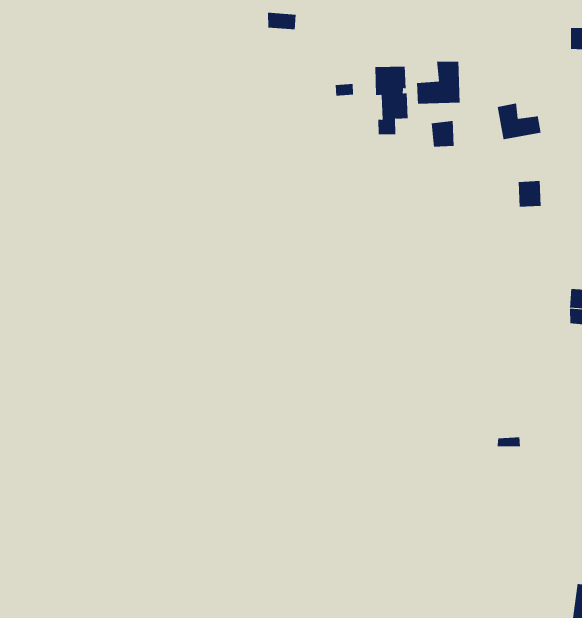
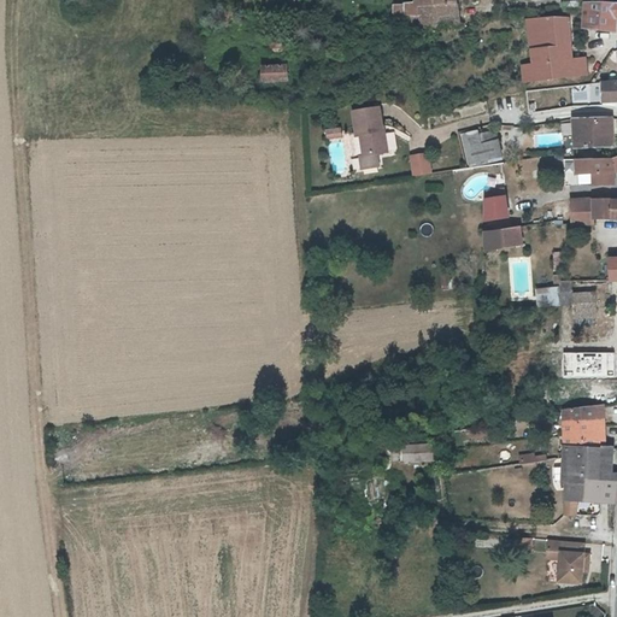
building: [417,61,460,105] -> none
building: none -> [482,227,522,249]

